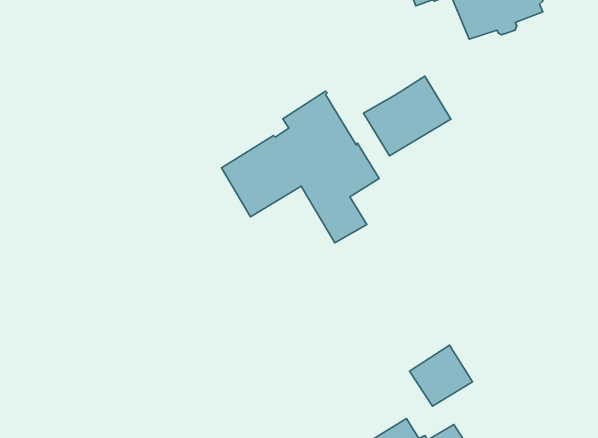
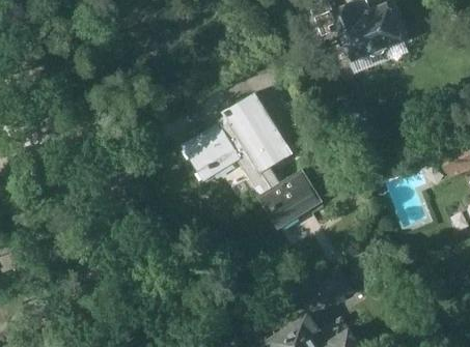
building: [364,76,451,156] -> [260,171,320,225]

